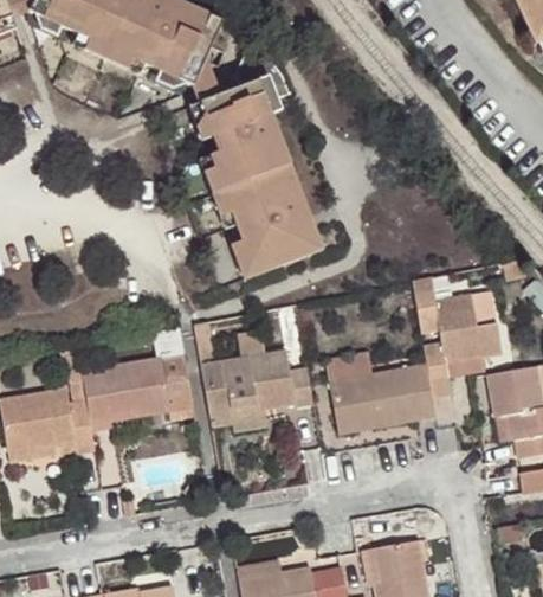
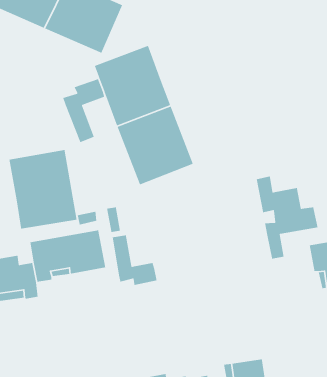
building: none -> [62,78,105,143]
building: none -> [8,149,78,229]
building: [226,347,317,407] -> none
building: [331,360,440,432] -> none

